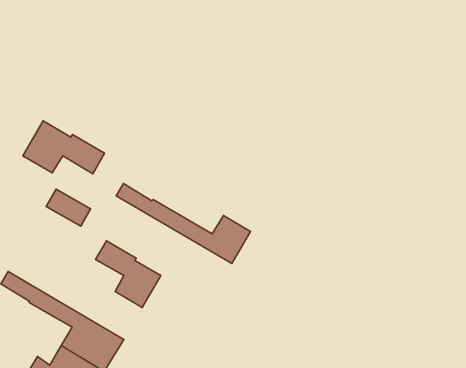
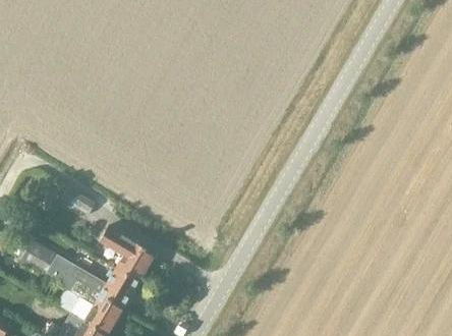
building: [23,121,105,174] -> none
building: [116,183,250,264] -> [29,240,139,306]

